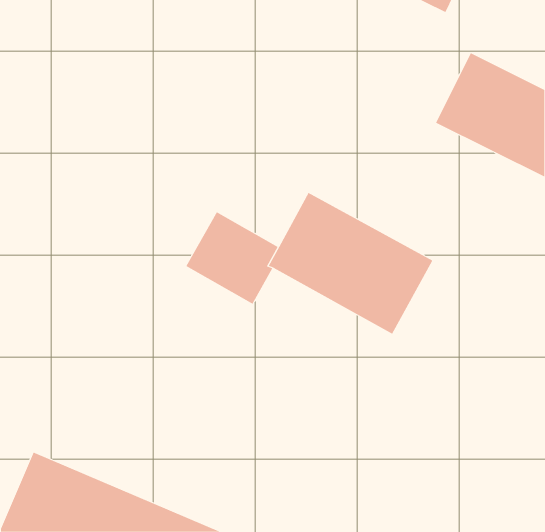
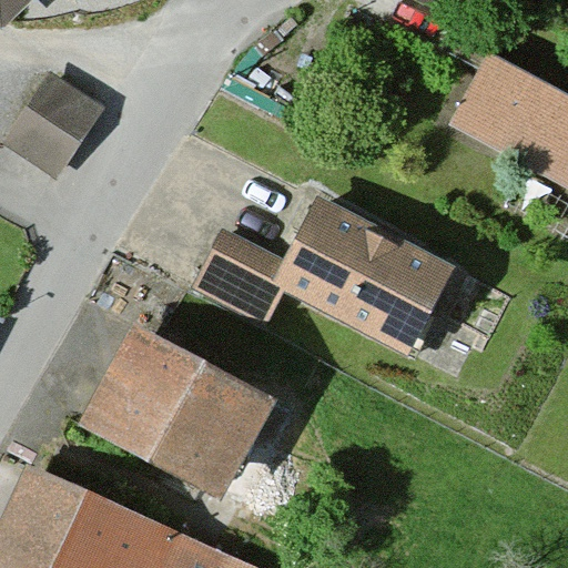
building: none -> [7,68,105,171]
building: none -> [83,333,271,507]

